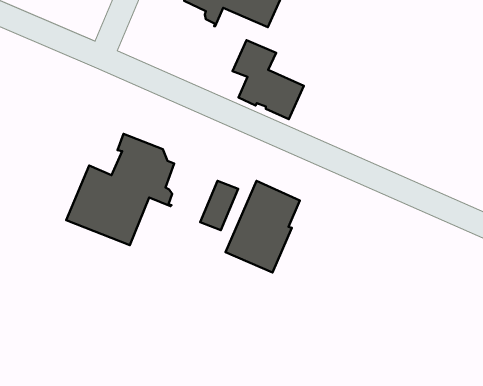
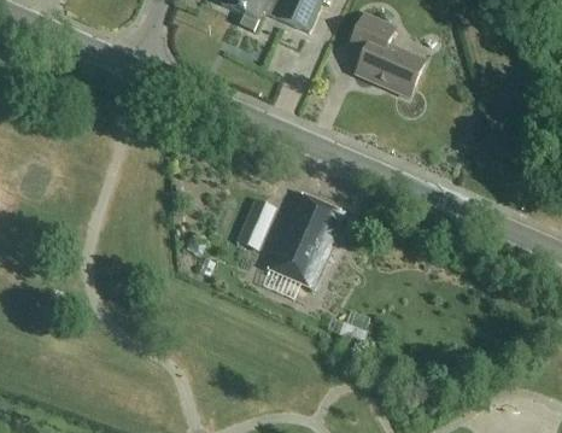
building: [233,40,304,119] -> [350,12,425,95]
building: [66,134,174,245] -> none

